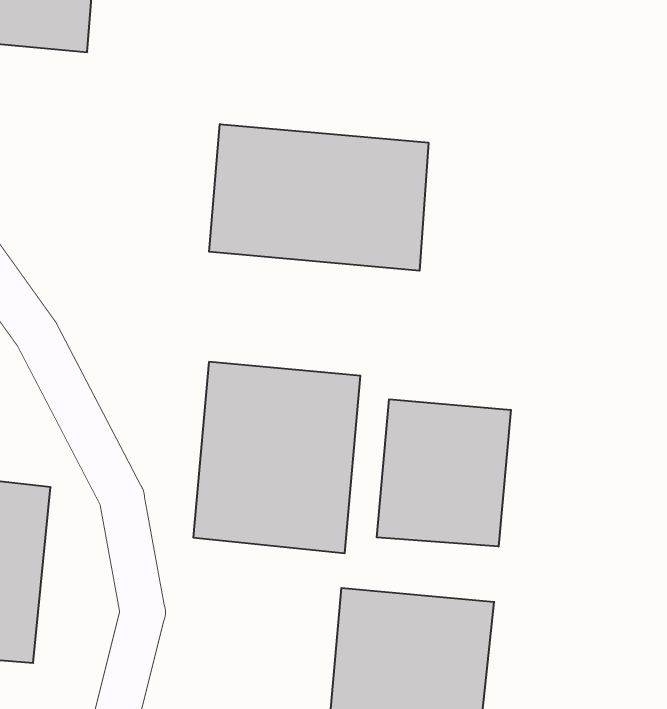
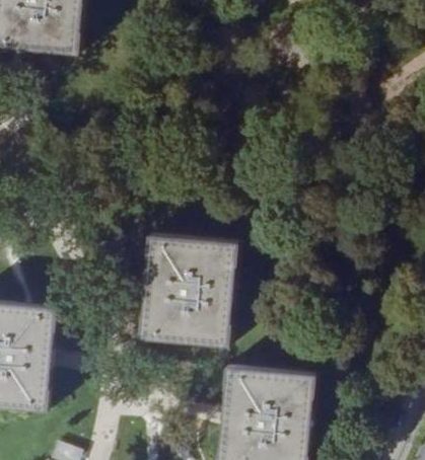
building: [209,124,428,271] -> none
building: [377,399,511,547] -> none

